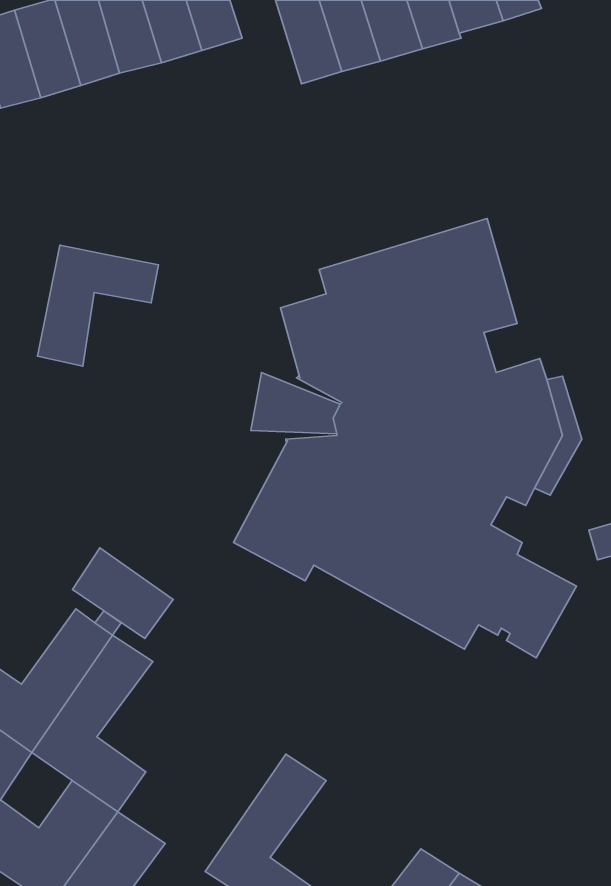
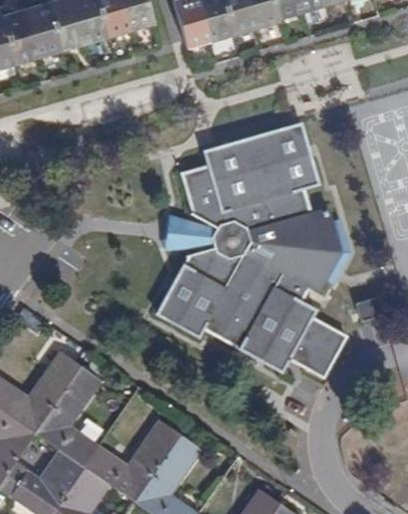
building: [38,245,159,366] -> none
building: [73,548,173,639] -> none
building: none -> [84,419,181,501]

